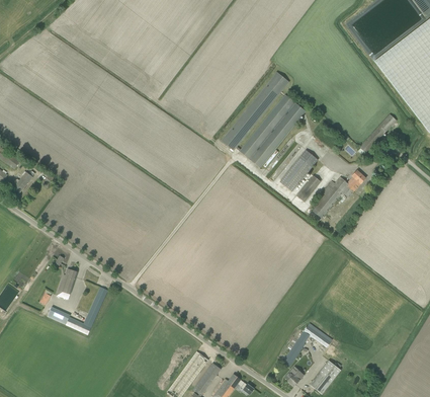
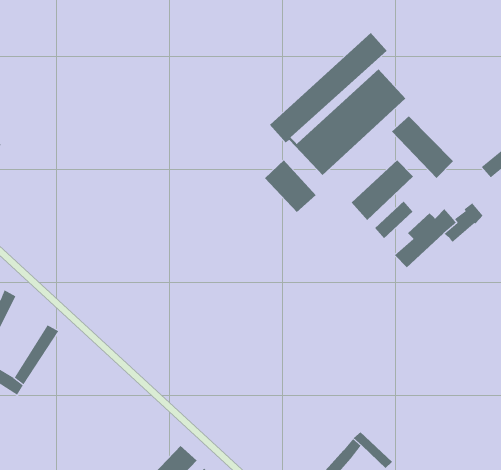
building: none -> [391,115,454,179]
building: none -> [264,160,316,213]

